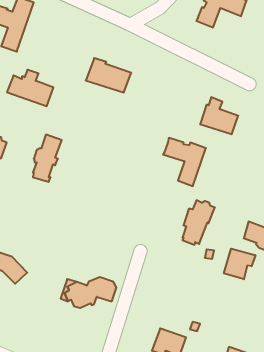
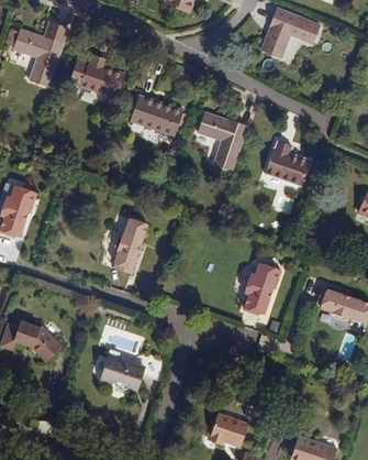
building: [7,70,53,106] -> [69,54,124,97]
building: [33,135,62,182] -> [114,217,148,273]
building: [163,138,206,186] -> [197,112,247,169]
building: [224,249,255,279] -> none

